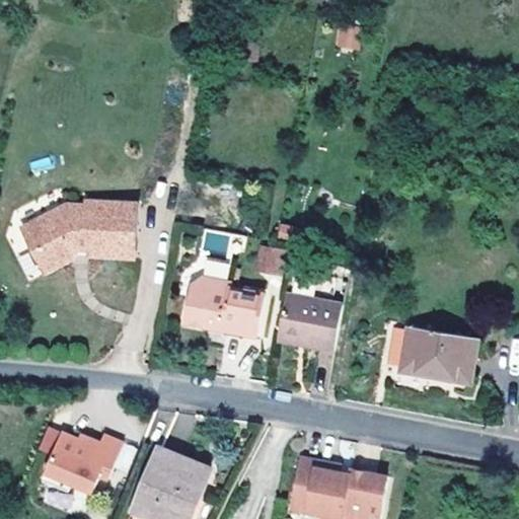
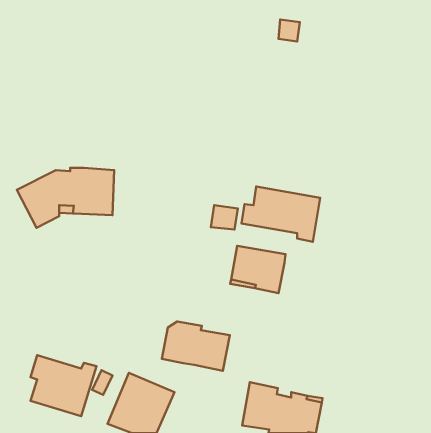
building: none -> [241,186,320,242]
building: [183,278,265,337] -> [162,322,230,371]
building: [399,325,477,382] -> none

